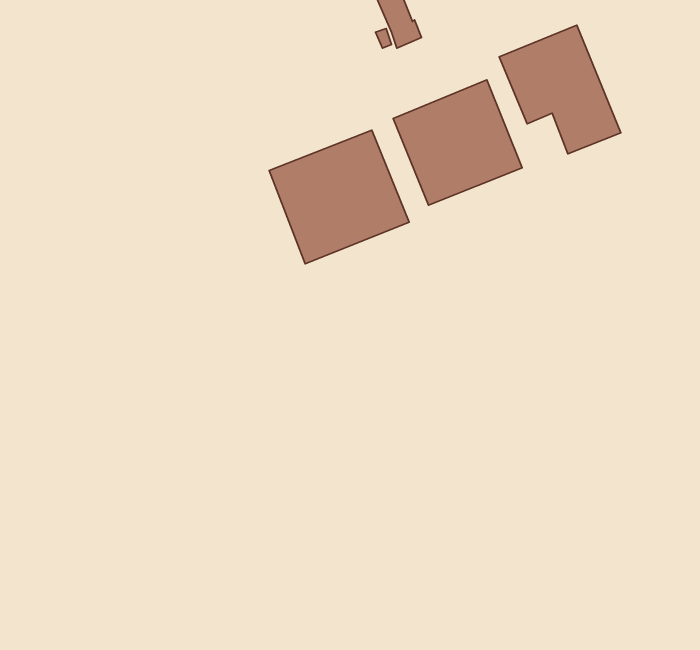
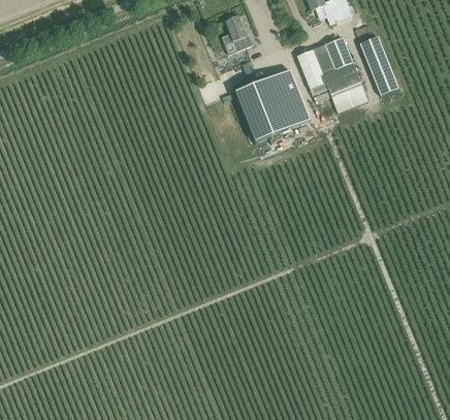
building: none -> [359,35,398,94]
building: [269,130,409,264] -> none

